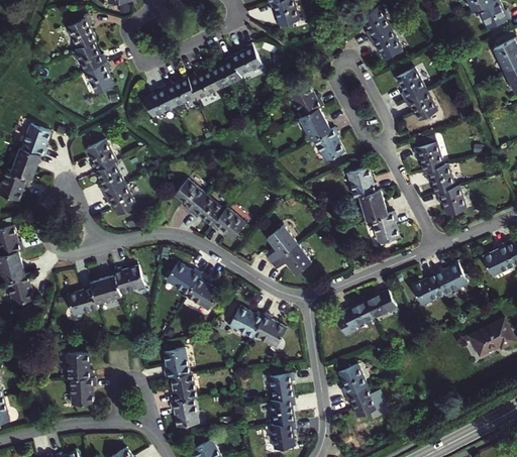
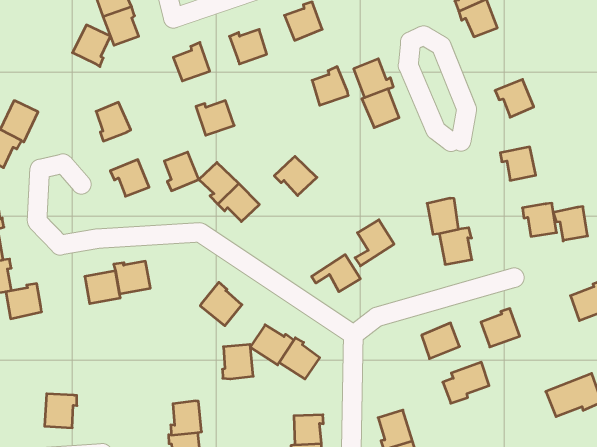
building: [210,56,240,89] -> [312,67,348,105]
building: [395,68,425,100] -> none
building: [164,78,196,107] -> [196,101,234,135]
building: [20,123,49,155] -> [72,25,111,67]
building: [312,127,343,161] -> none
building: [94,162,123,195] -> [164,152,199,191]
building: [424,163,453,193] -> [553,207,588,241]
building: [346,166,377,197] -> none
building: [211,208,245,239] -> [274,156,317,196]
building: [267,225,297,263] -> [355,220,394,266]
building: [165,262,199,294] -> none
building: [433,264,467,295] -> none
building: [67,284,97,315] -> [6,284,42,319]
building: [335,302,373,337] -> [443,362,489,403]
building: [163,347,189,376] -> [222,344,253,379]
building: [66,352,91,378] -> none

